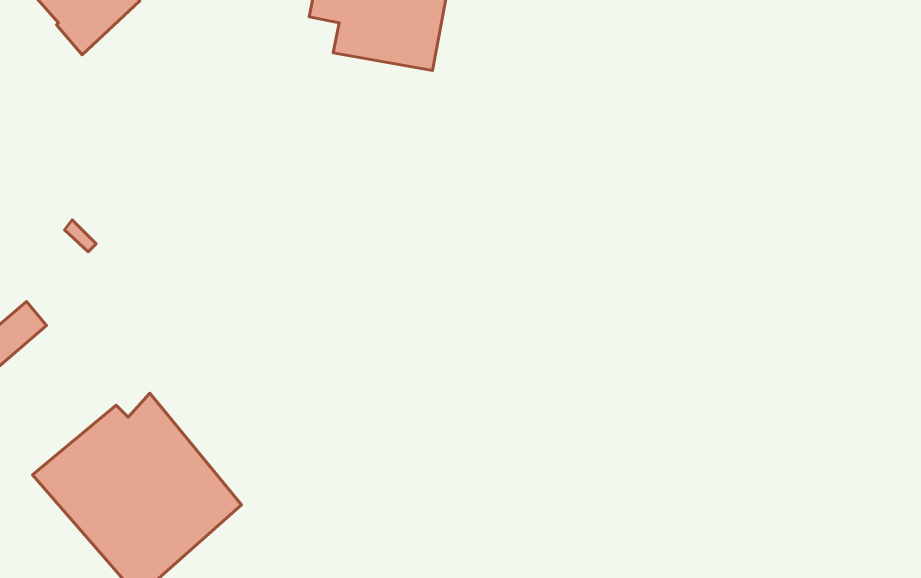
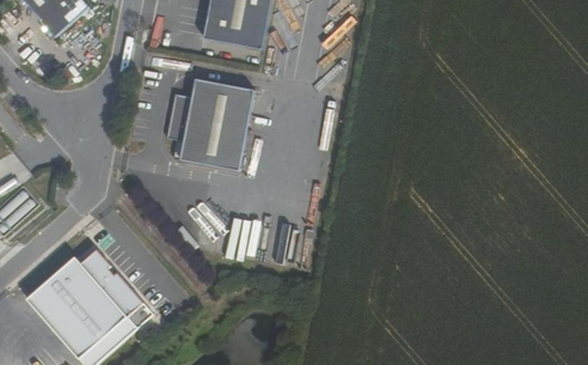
building: none -> [167,79,256,171]

